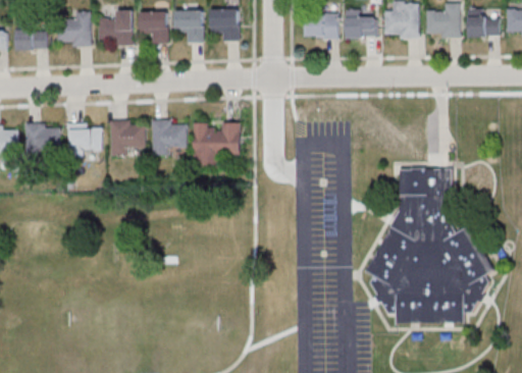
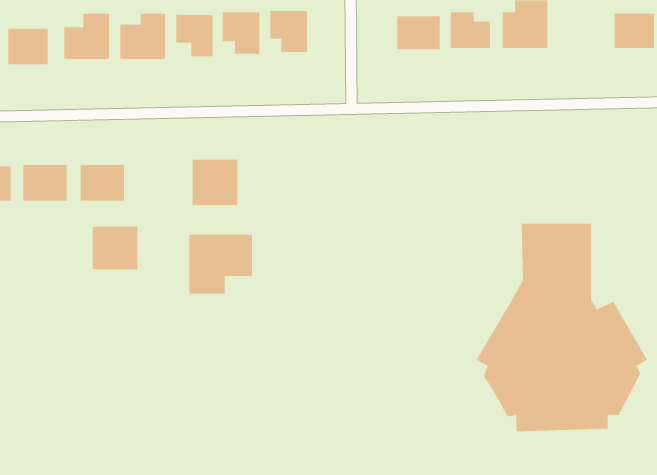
building: [426,9,459,38] -> none
building: [110,120,145,153] -> [92,226,138,270]
building: [192,123,240,168] -> [189,234,253,294]

